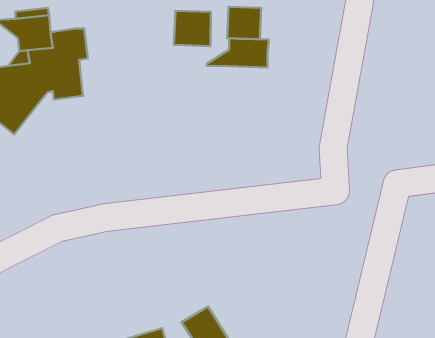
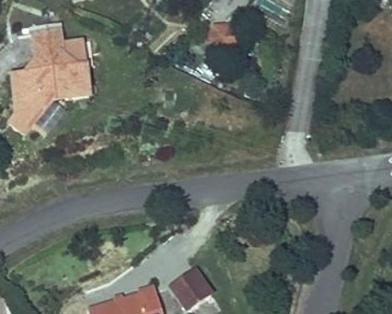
building: [174,11,211,46] -> none
building: [207,38,269,68] -> none

